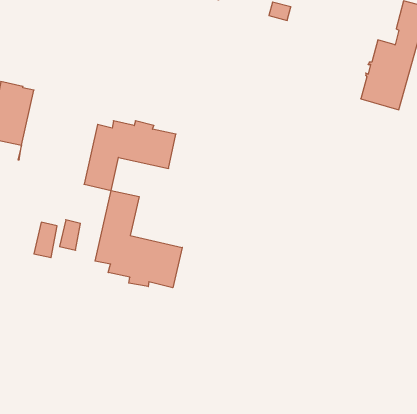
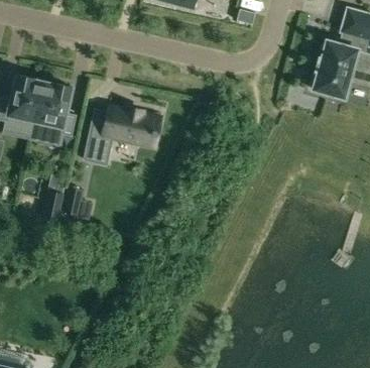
building: none -> [31,82,77,139]
building: [95,190,182,288] -> none

